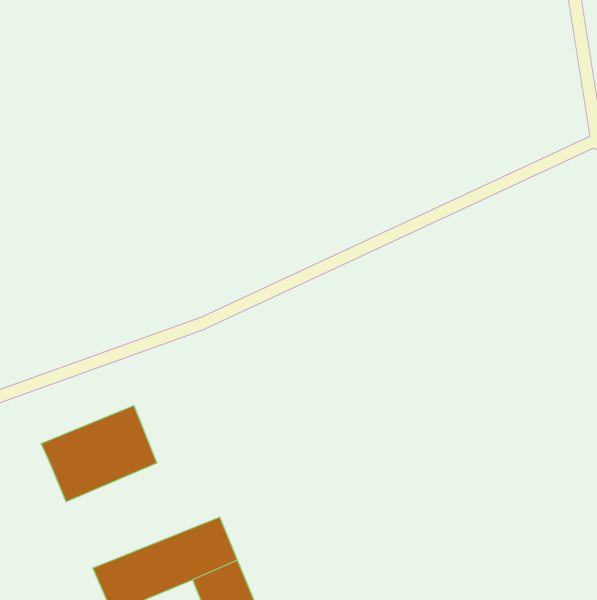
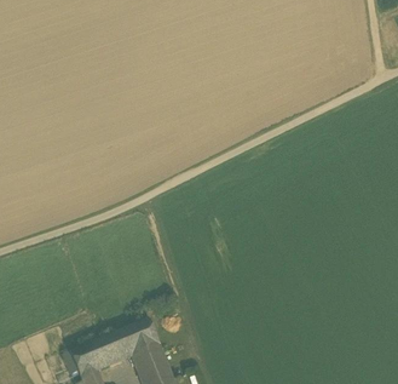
building: [41,406,157,502] -> none

